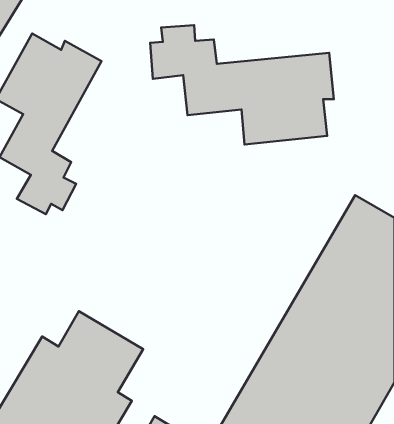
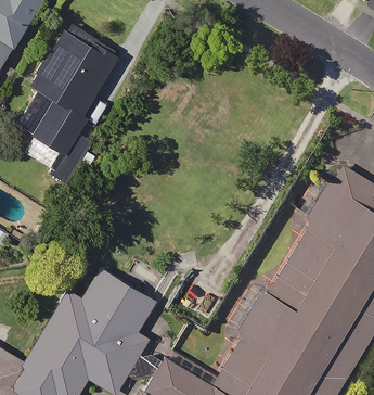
building: [150,25,334,144] -> none

